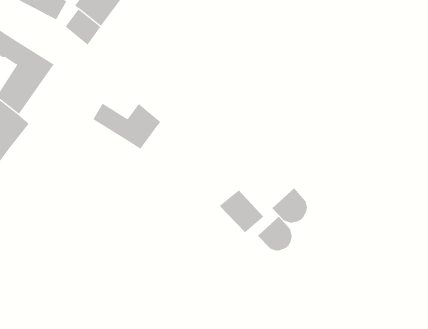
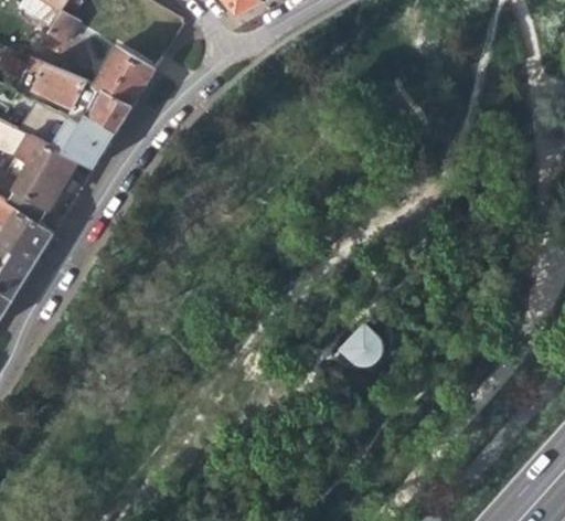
building: [93,103,161,150] -> [31,111,115,168]
building: [272,187,308,223] -> none
building: [219,189,264,233] -> none

